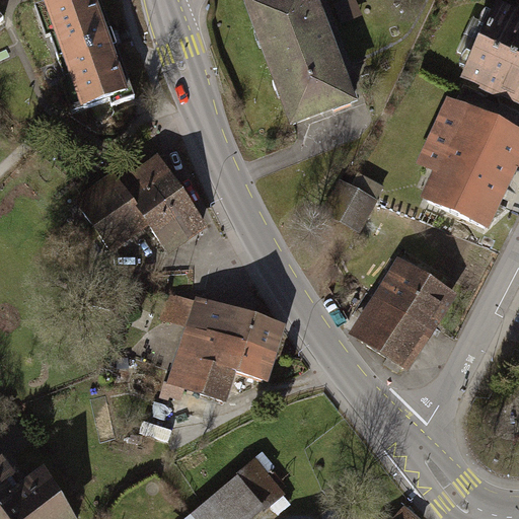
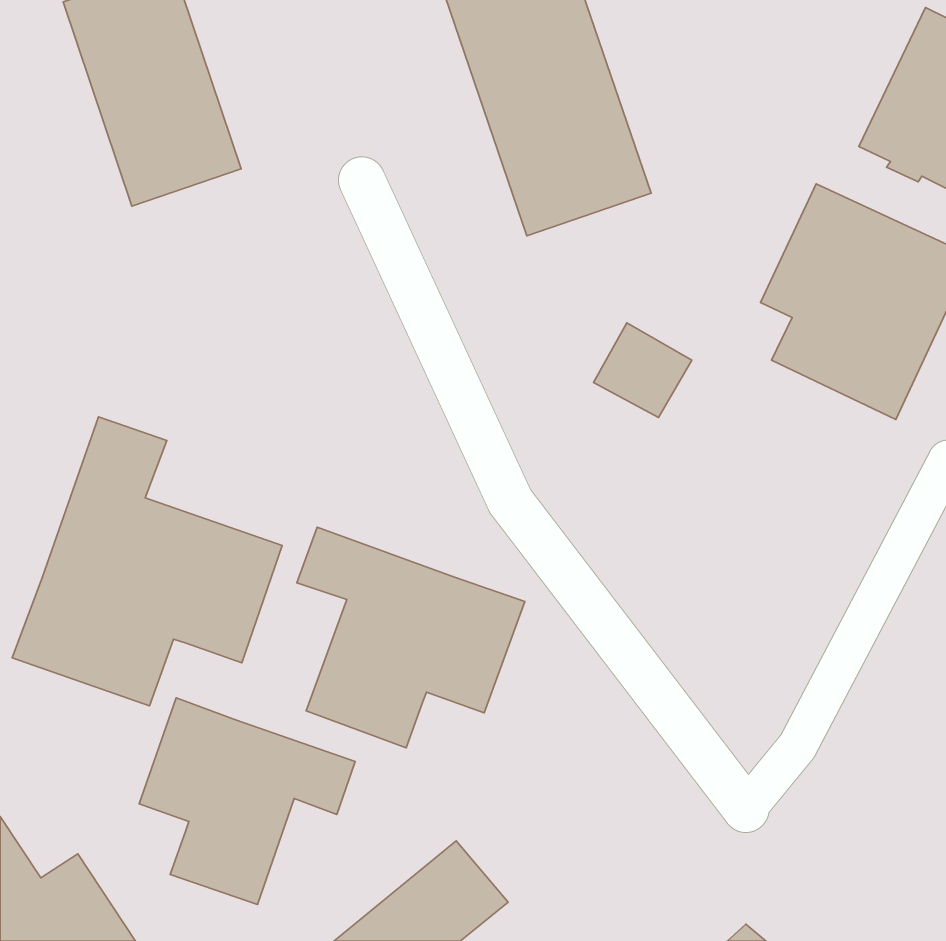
building: [68,144,214,254] -> none
building: none -> [12,417,282,706]
building: [350,254,457,367] -> none
building: none -> [139,698,355,904]

